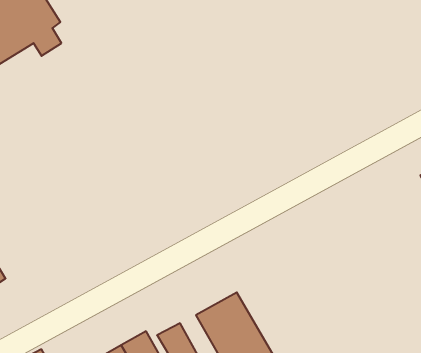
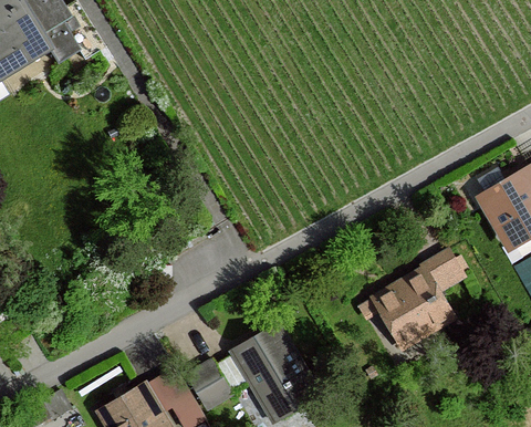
building: none -> [358,248,464,348]

